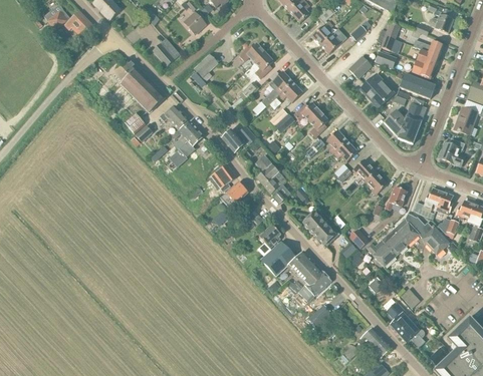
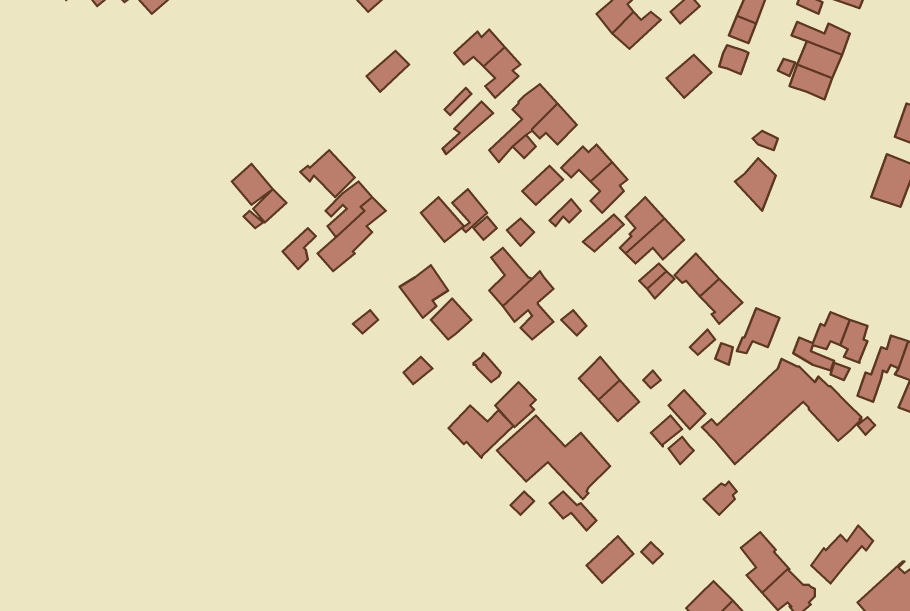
building: [153,38,180,65] -> none
building: [112,59,166,113] -> none
building: [399,73,435,98] -> none
building: [360,74,393,107] -> none
building: [398,101,427,143] -> none
building: [439,137,465,166] -> none
building: none -> [449,406,514,458]
building: [305,268,331,296] -> none
building: none -> [811,526,873,584]

